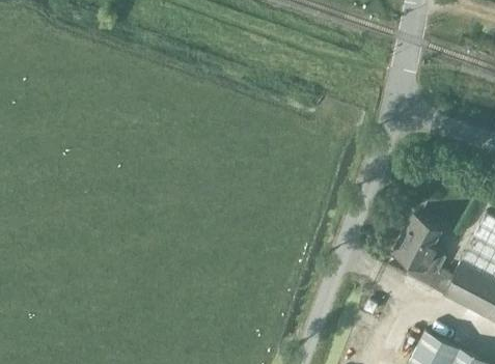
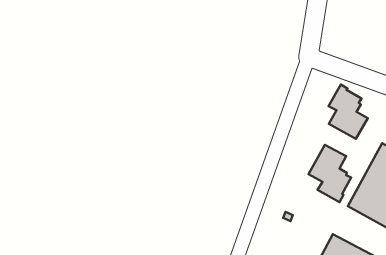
building: none -> [329,85,368,139]

